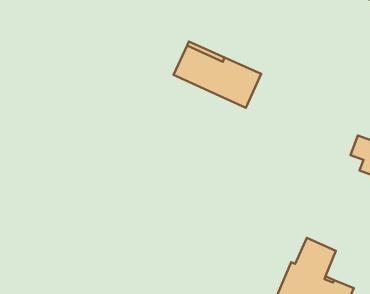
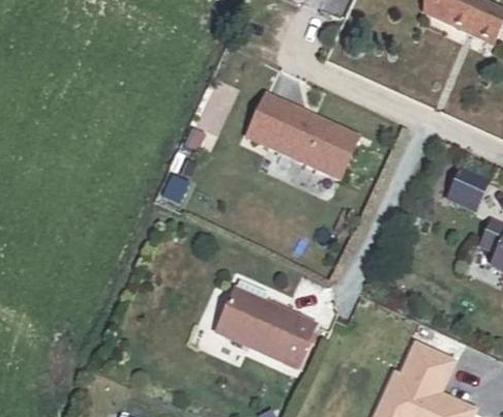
building: none -> [449,170,489,210]
building: none -> [214,278,314,366]

